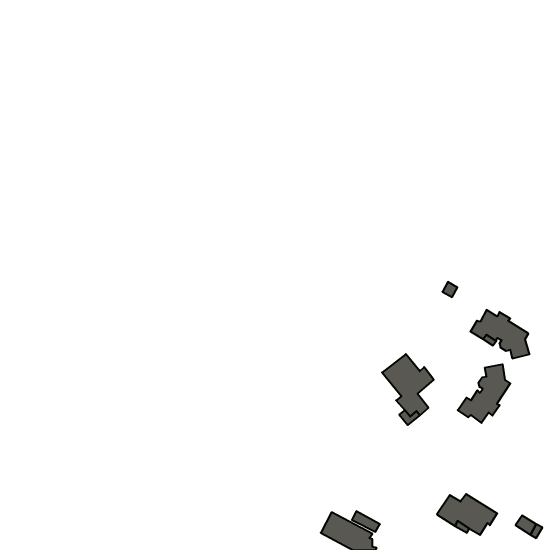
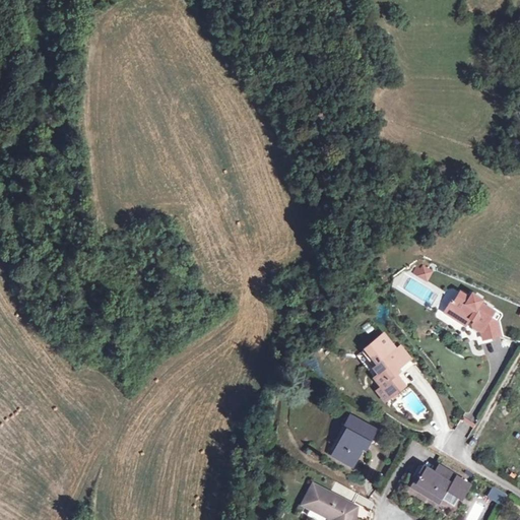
building: [458,364,510,423] -> none
building: none -> [333,415,377,465]

